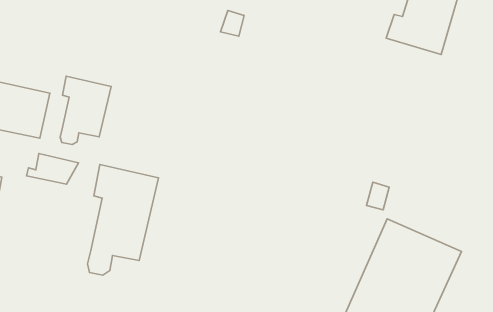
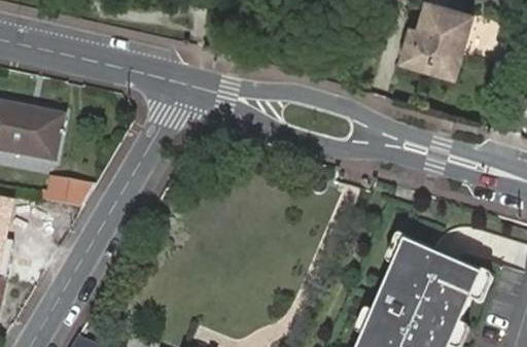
building: [60,76,111,145] -> none
building: [88,164,159,275] -> none

